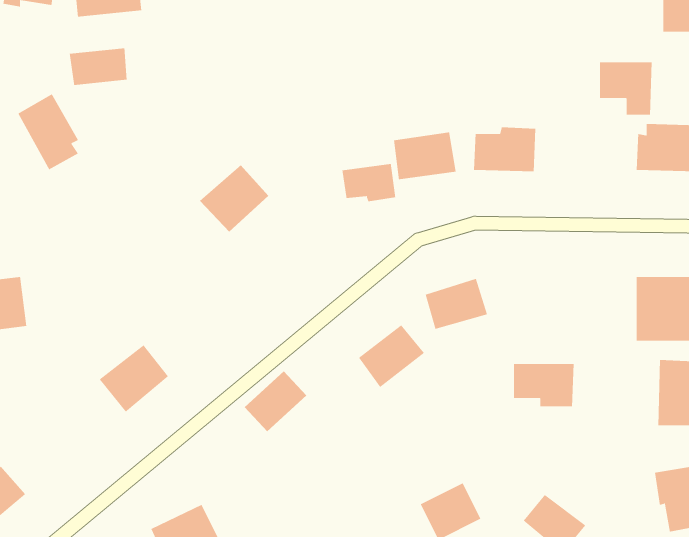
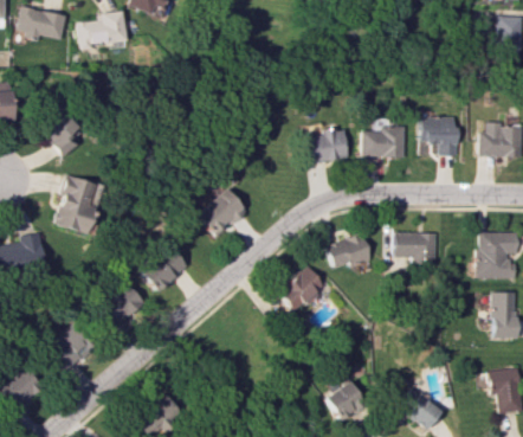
building: [69,48,127,86] -> none
building: [599,62,652,115] -> [420,117,458,155]
building: [342,163,396,202] -> none
building: [199,164,269,233] -> [195,188,245,237]
building: none -> [53,175,97,233]
building: [513,364,575,407] -> [394,232,438,263]
building: [244,371,307,432] -> [142,248,187,291]
building: none -> [45,324,93,372]

